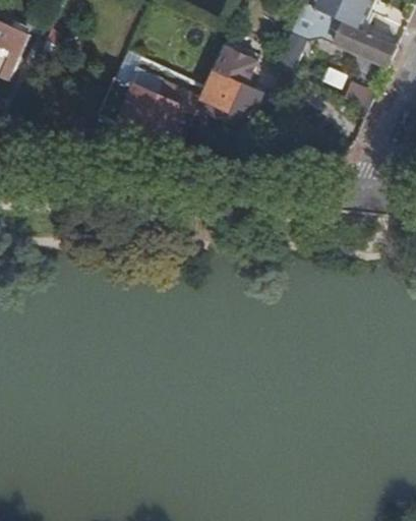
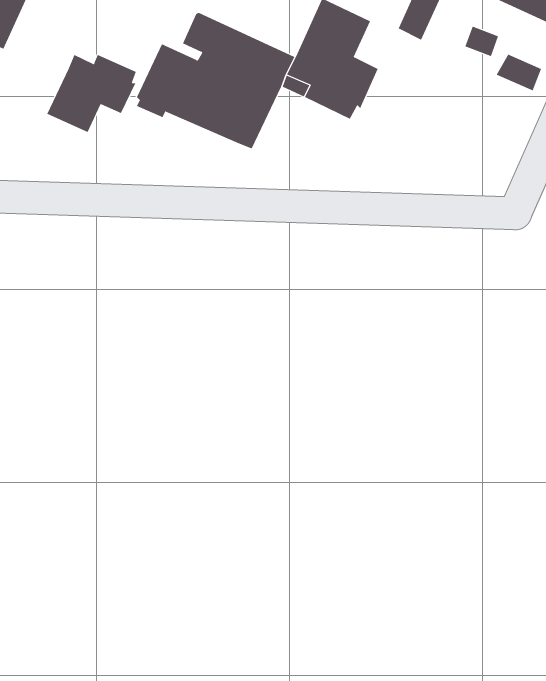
building: none -> [46,54,137,133]

